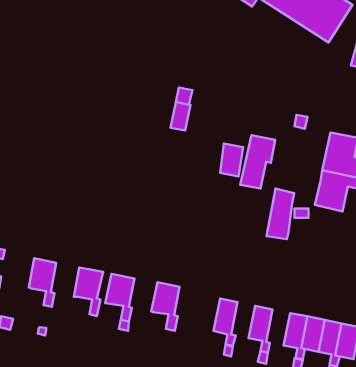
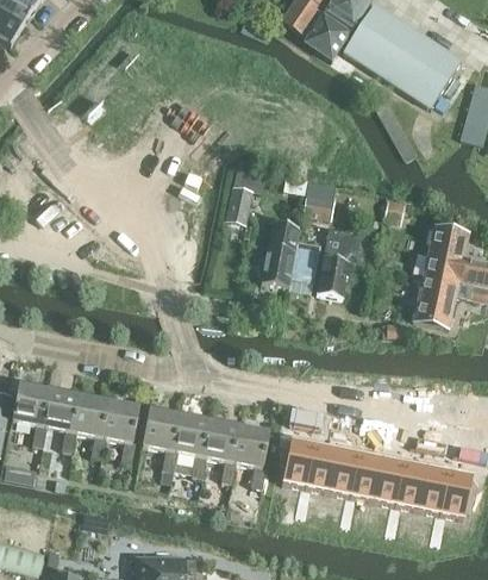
building: none -> [302,177,336,217]
building: [266,189,294,239] -> [262,219,298,285]
building: none -> [12,382,50,444]
building: none -> [71,393,108,455]
building: none -> [173,413,209,475]
building: none -> [231,424,268,487]
building: none -> [305,444,336,491]
building: none -> [350,454,381,500]

